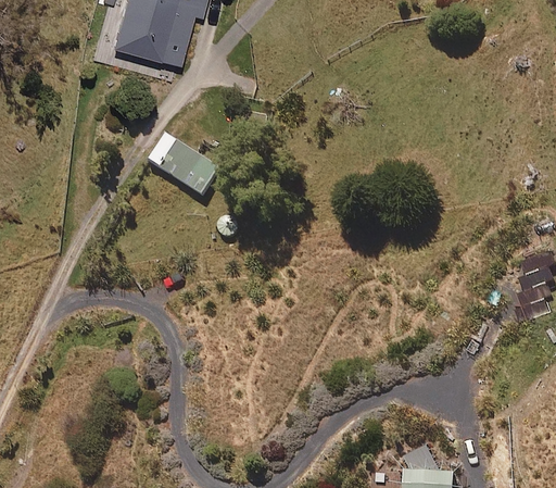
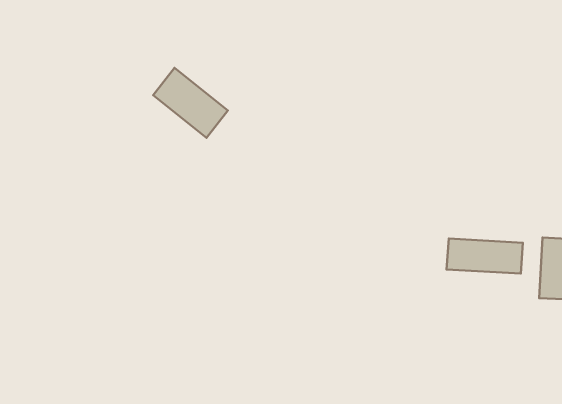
building: none -> [447,239,523,273]

